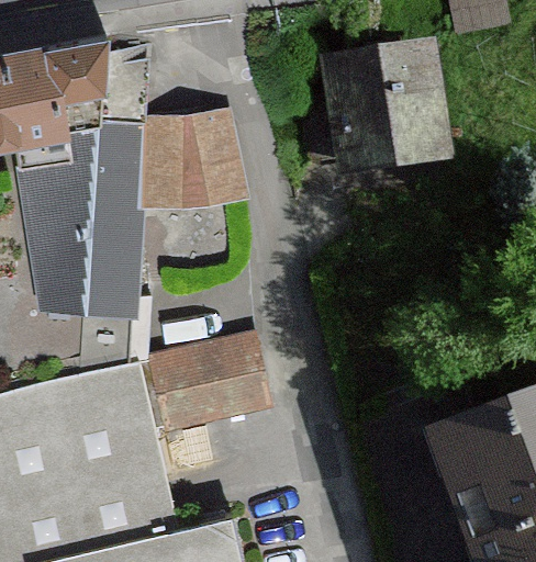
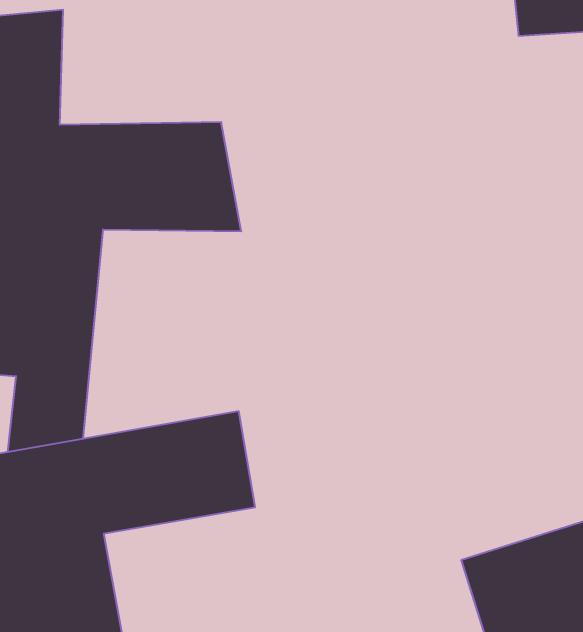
building: [303,45,447,175] -> none

